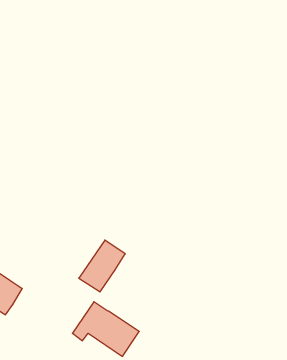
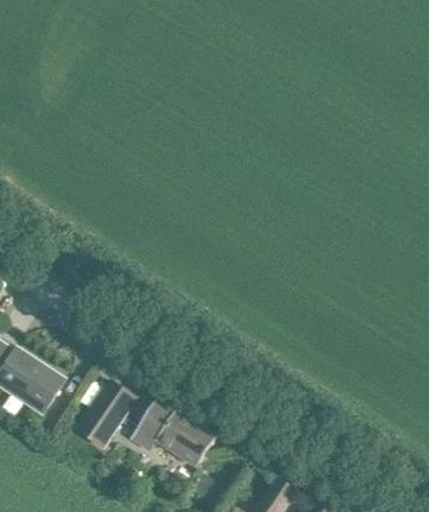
building: [79,240,125,292] -> [75,379,136,447]

